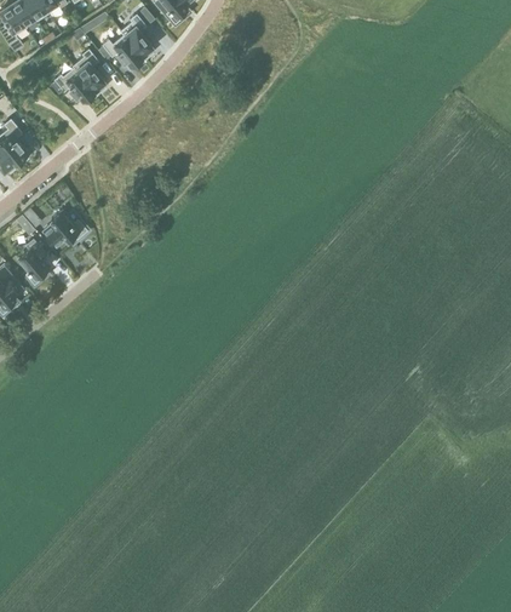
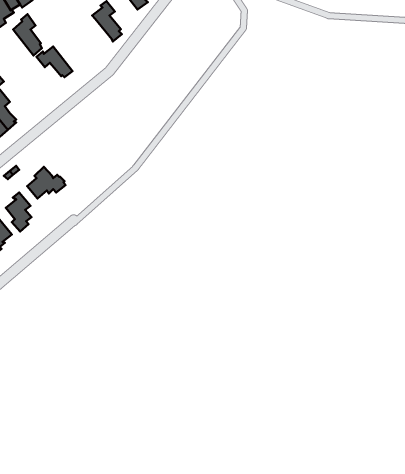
building: [102,34,143,67] -> none
building: [73,47,107,96] -> [13,14,42,55]

